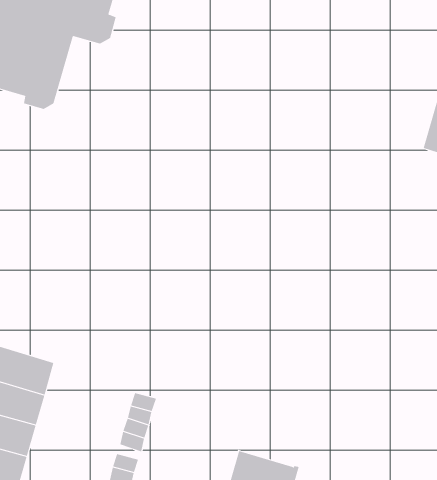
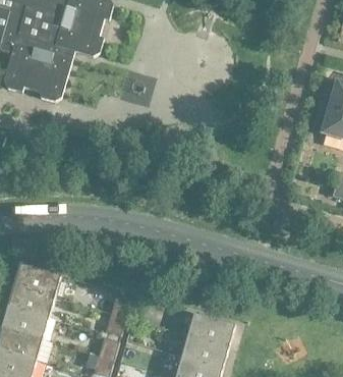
building: none -> [187,313,235,345]

